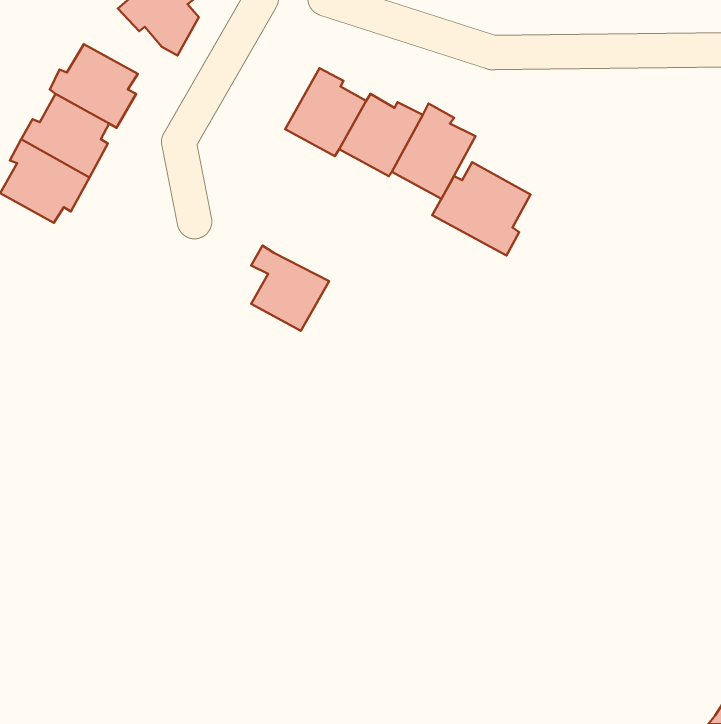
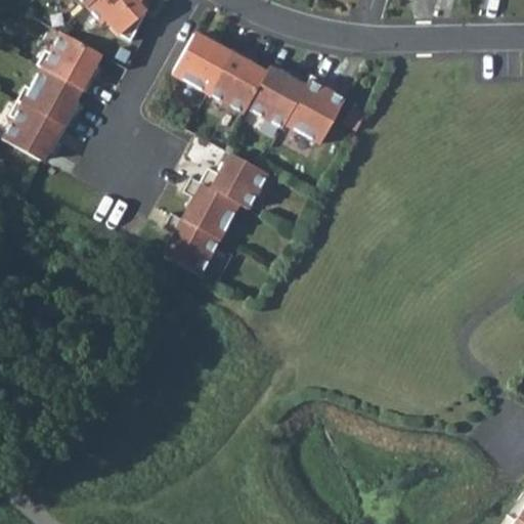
building: none -> [173,33,233,93]
building: [432,162,531,256] -> none
building: none -> [201,152,269,208]
building: none -> [165,213,220,275]

